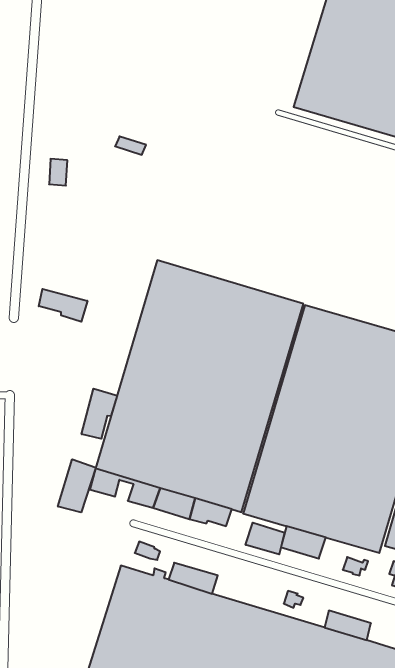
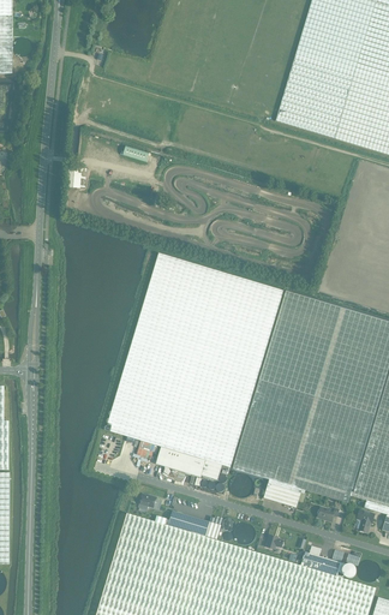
building: [39,289,87,322] -> none
building: [82,389,117,439] -> none
building: [58,459,96,512] -> none
building: [246,523,285,554] -> none

